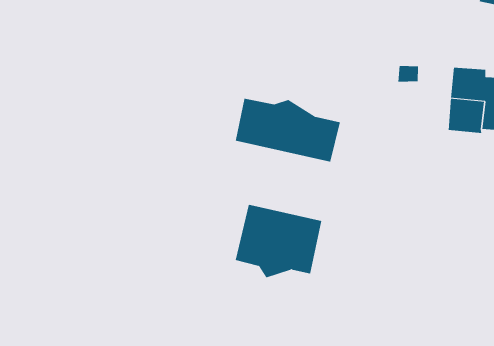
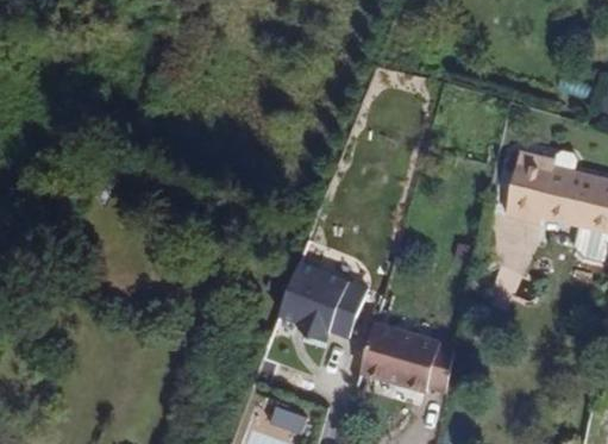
building: [235,98,340,162] -> none
building: none -> [358,329,456,395]

